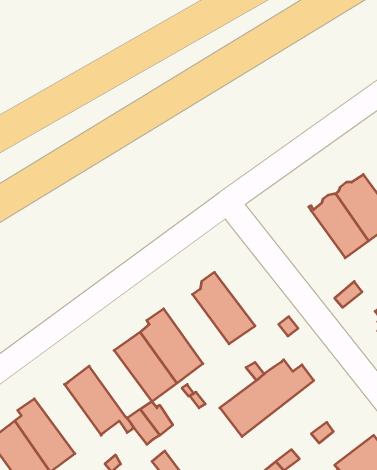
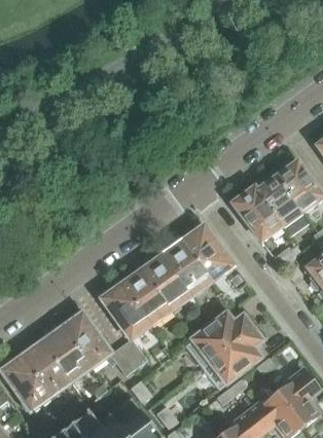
building: none -> [231,186,283,242]
building: none -> [180,226,232,280]
building: none -> [140,255,191,309]
building: none -> [202,323,267,389]
building: none -> [38,326,91,380]

